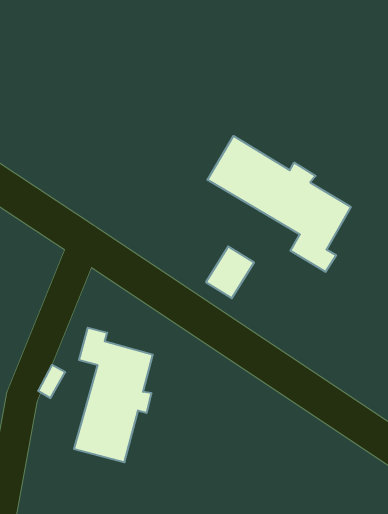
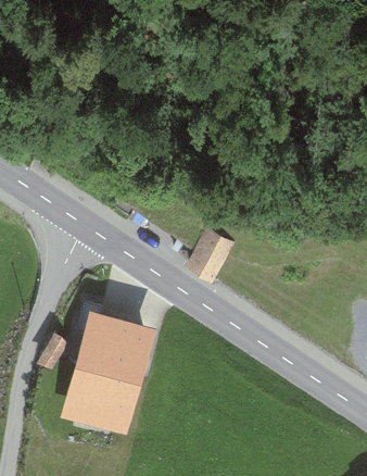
building: [207,136,351,272] -> none

